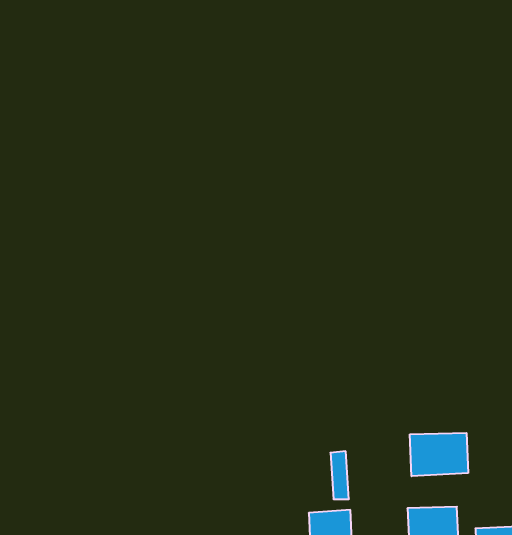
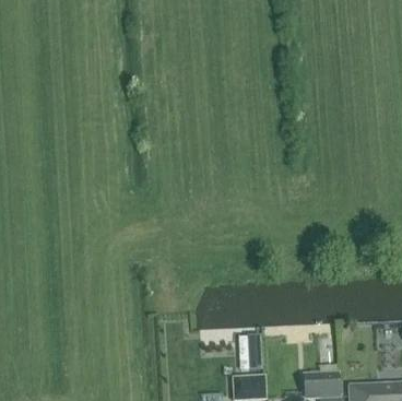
building: [410,433,468,476] -> none

